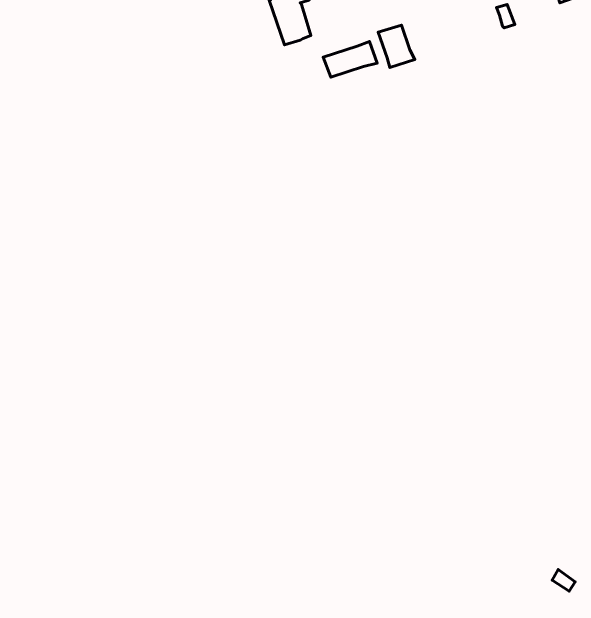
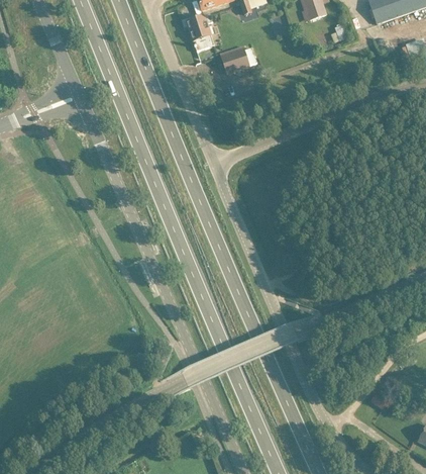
building: [378,25,415,67] -> none

